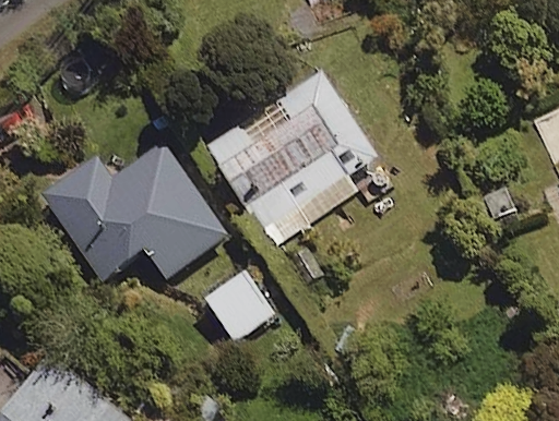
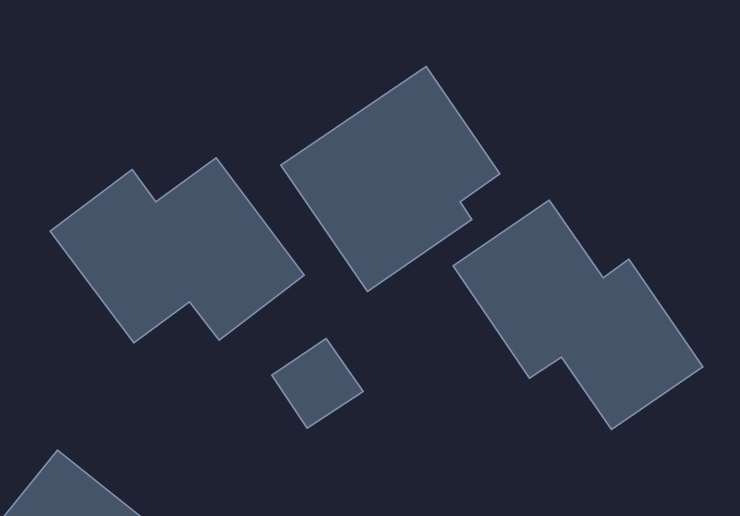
building: none -> [453,200,703,429]

